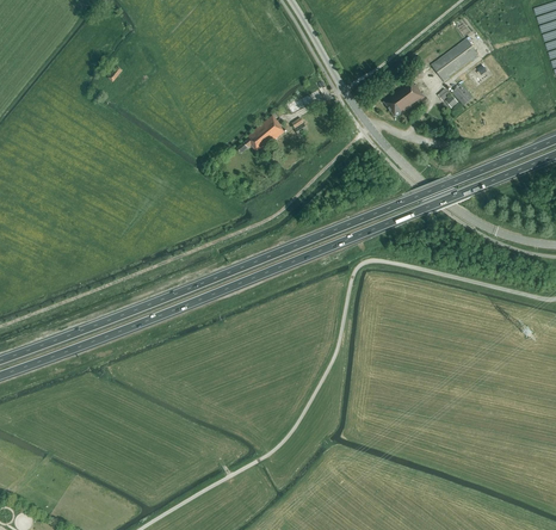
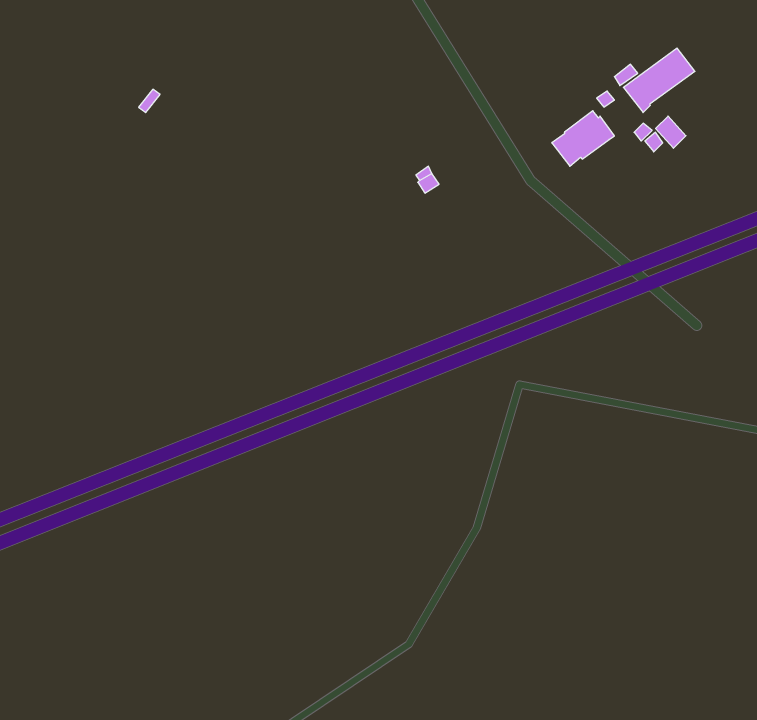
building: [236,115,284,153] -> none

